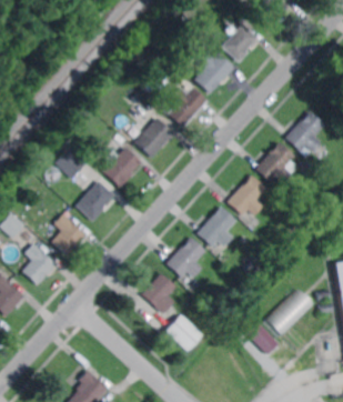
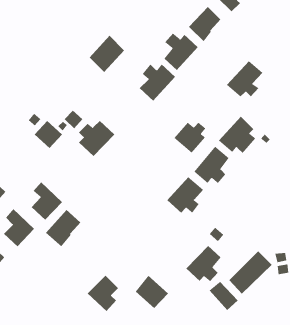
building: [285,111,325,151] -> [226,60,263,97]
building: [135,117,174,158] -> [89,35,125,73]
building: none -> [174,122,206,154]
building: [75,180,114,221] -> [45,209,81,247]
building: [165,238,204,278] -> [186,245,222,282]
building: [142,273,176,313] -> [87,275,119,312]

